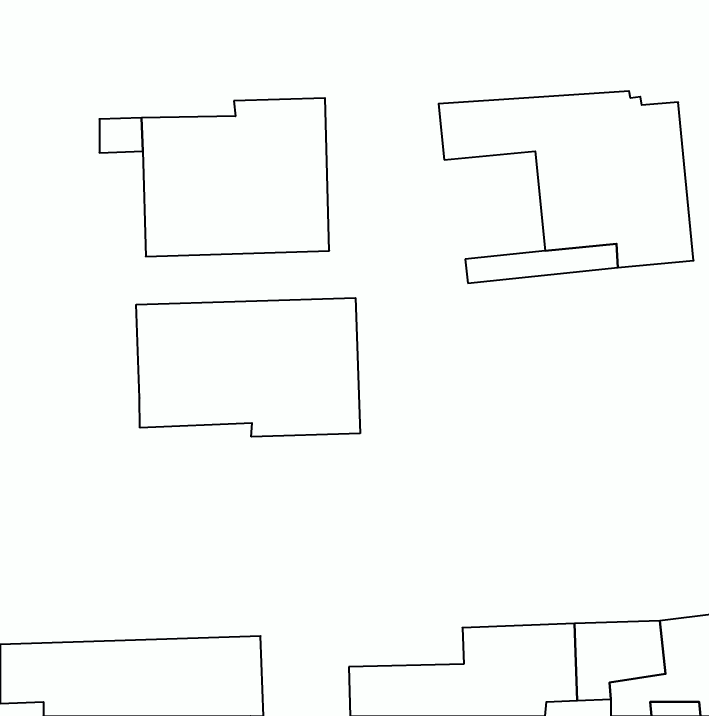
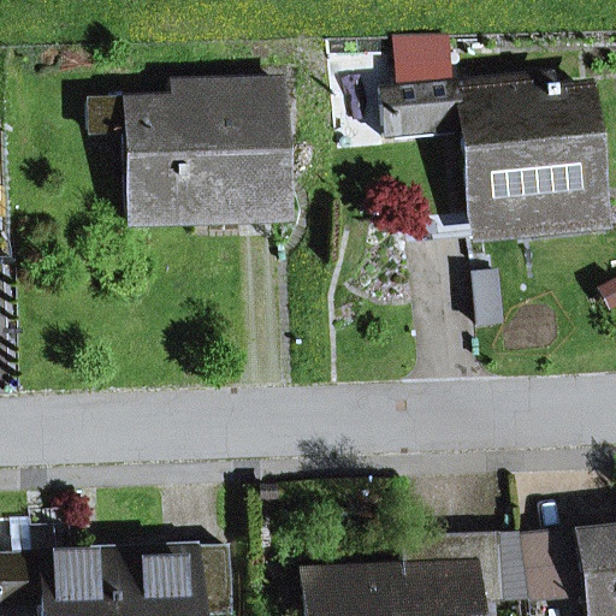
building: [136,298,360,437] -> none

